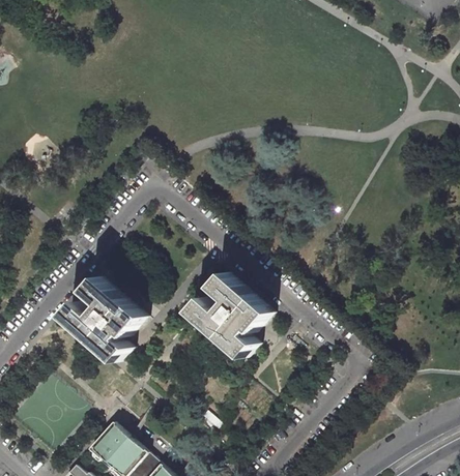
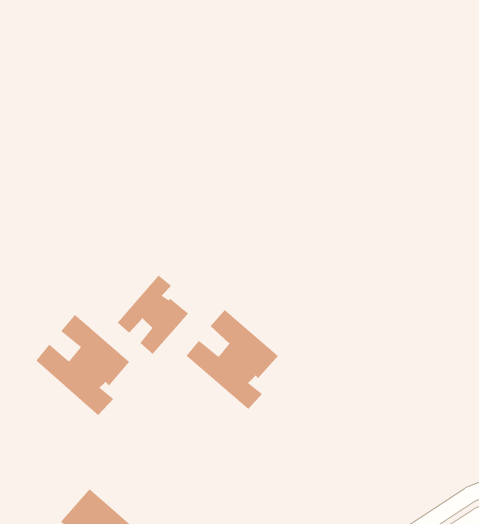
building: none -> [117,275,189,355]

